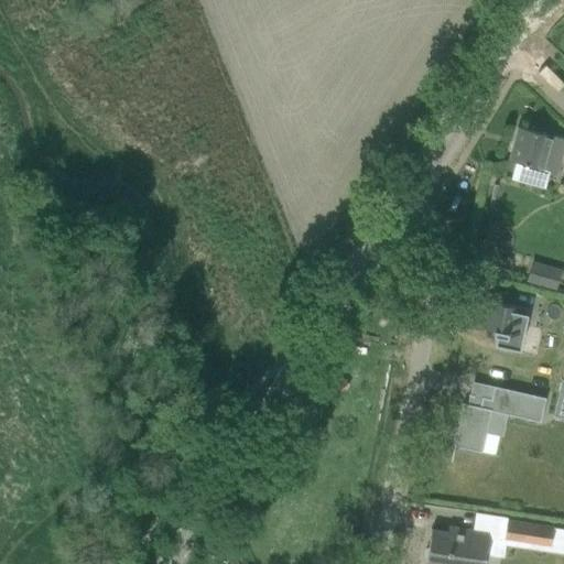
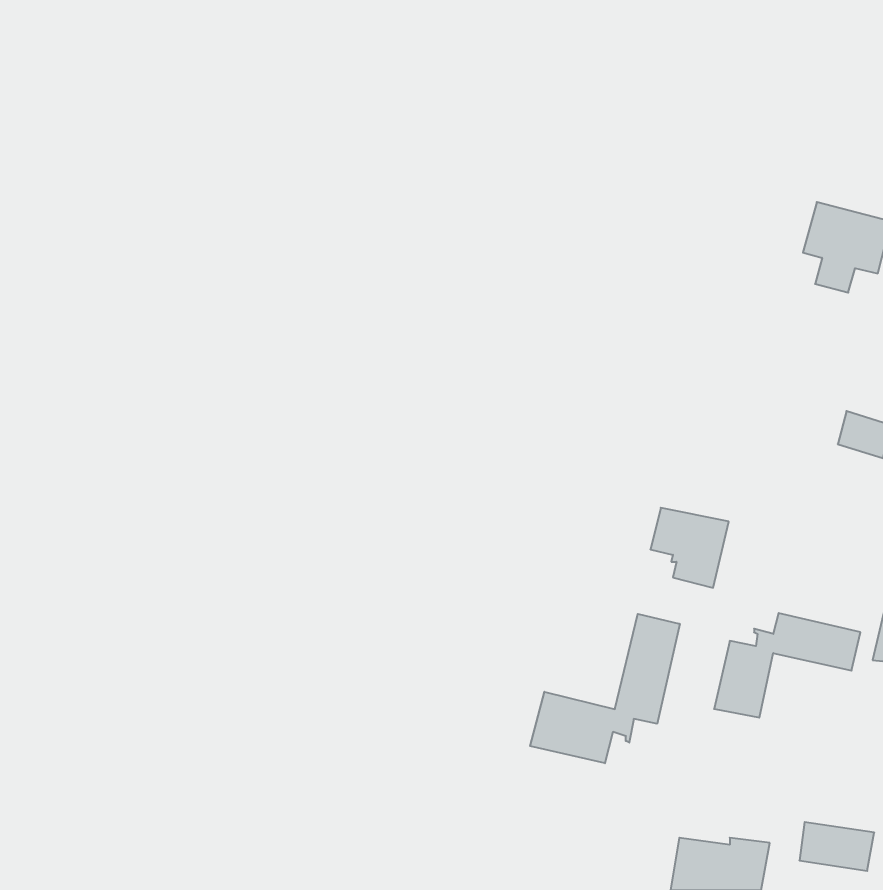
building: [480,300,530,350] -> [650,508,729,588]
building: none -> [530,614,680,763]

